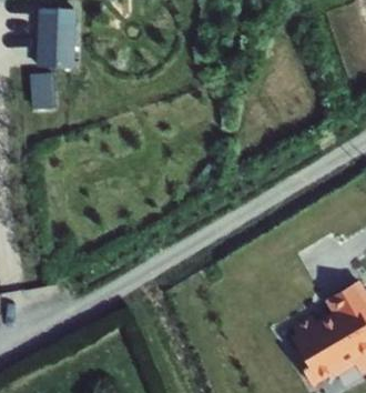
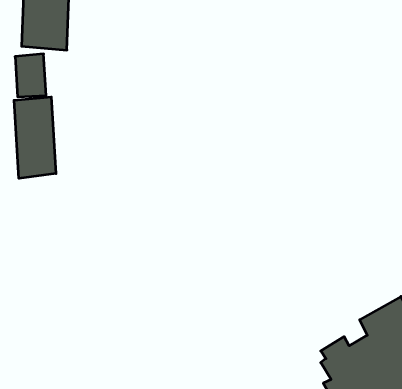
building: none -> [14,97,56,178]

